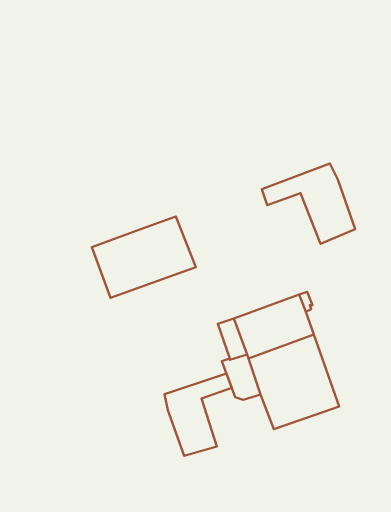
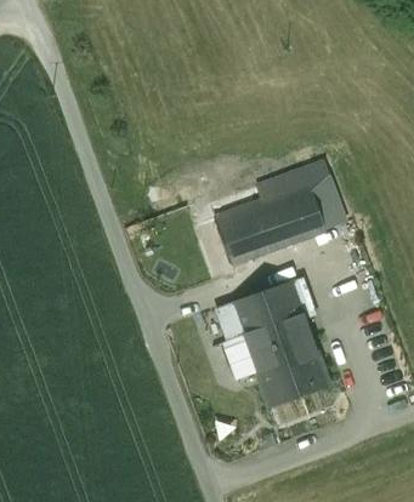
building: [92,216,196,298] -> [217,189,312,263]
building: [164,373,232,456] -> none

